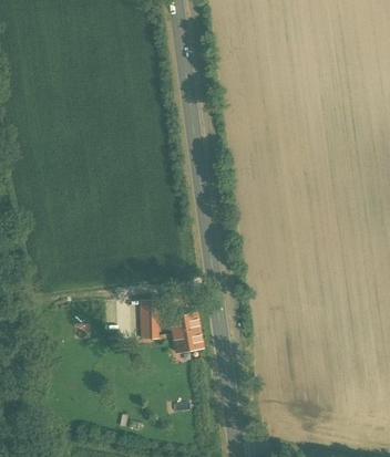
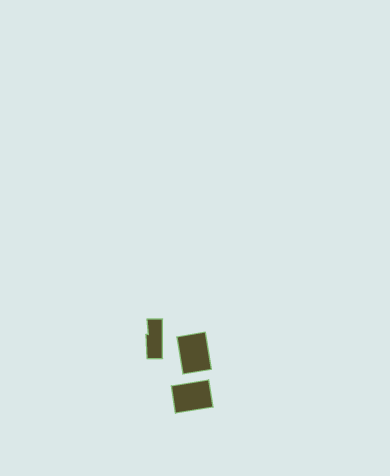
building: none -> [171,380,213,413]

